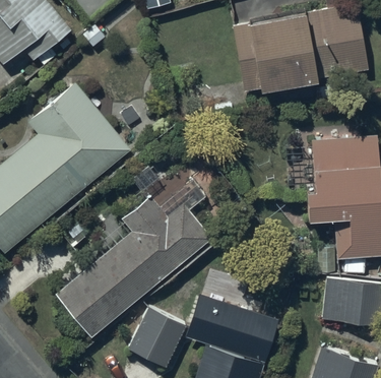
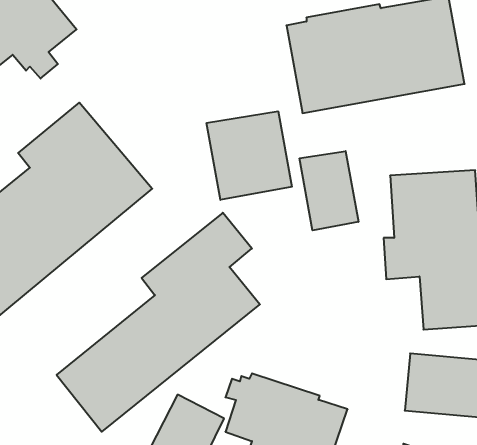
building: none -> [207,111,292,200]
building: none -> [300,151,358,230]

